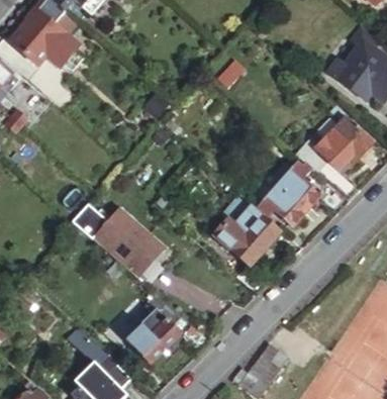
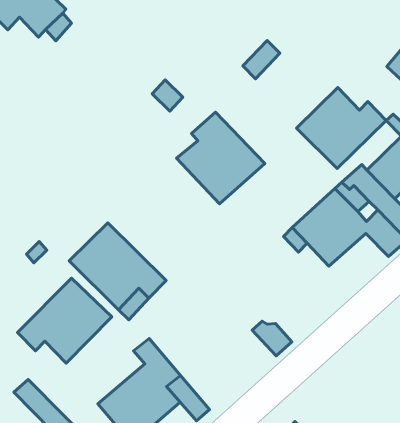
building: none -> [297,87,386,168]
building: [212,199,279,268] -> [176,112,265,204]
building: none -> [17,278,112,363]

